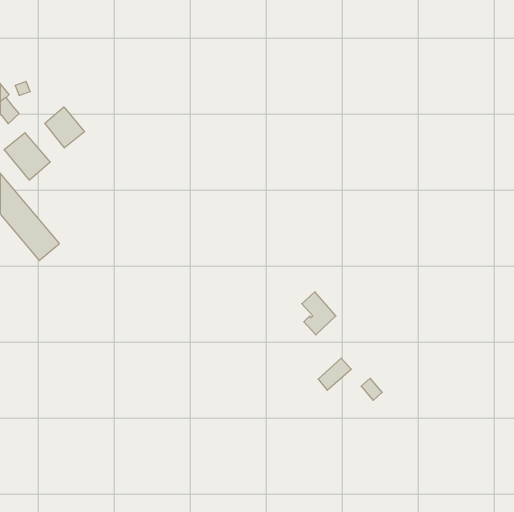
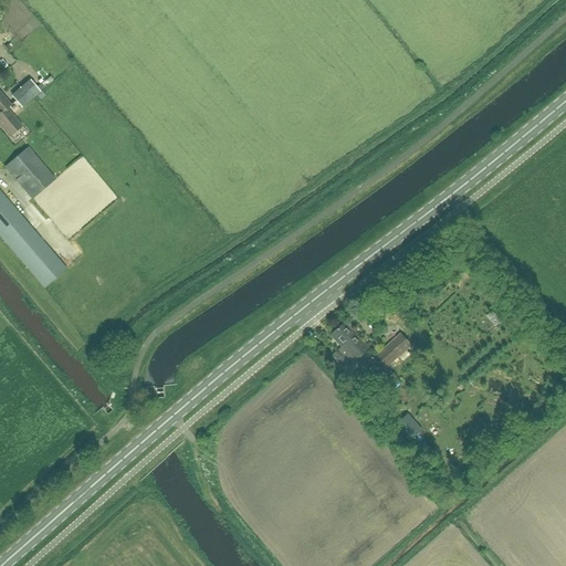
building: [45,107,84,148] -> none
building: [318,358,351,390] -> [375,332,411,367]

